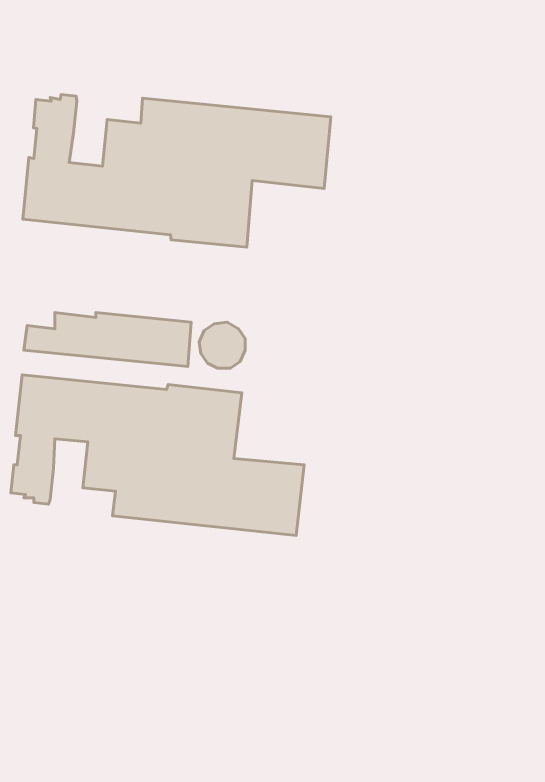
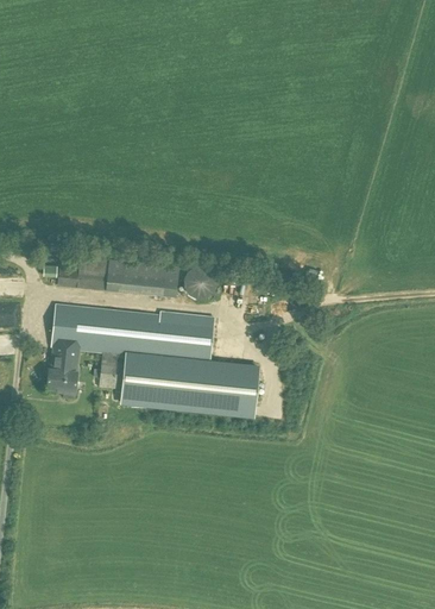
building: [23,95,331,247] -> none

